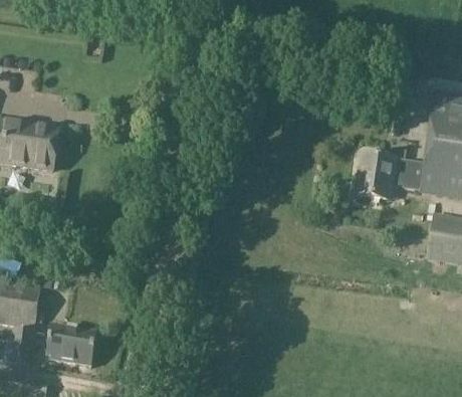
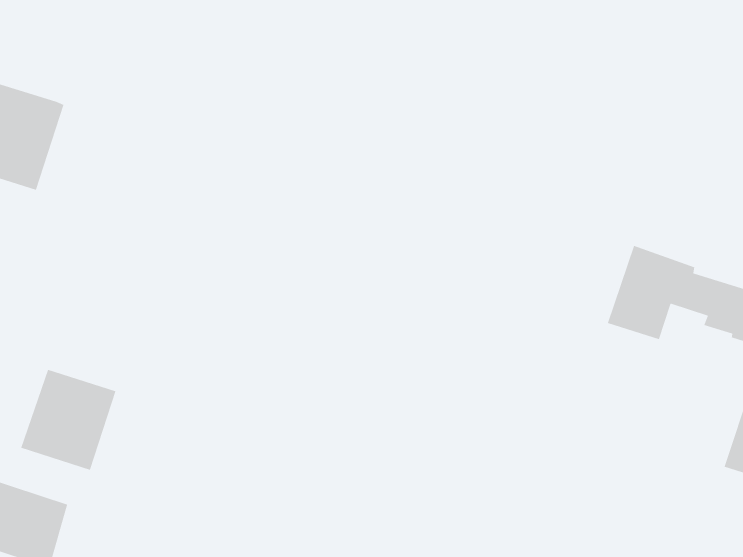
building: none -> [20,369,116,471]

